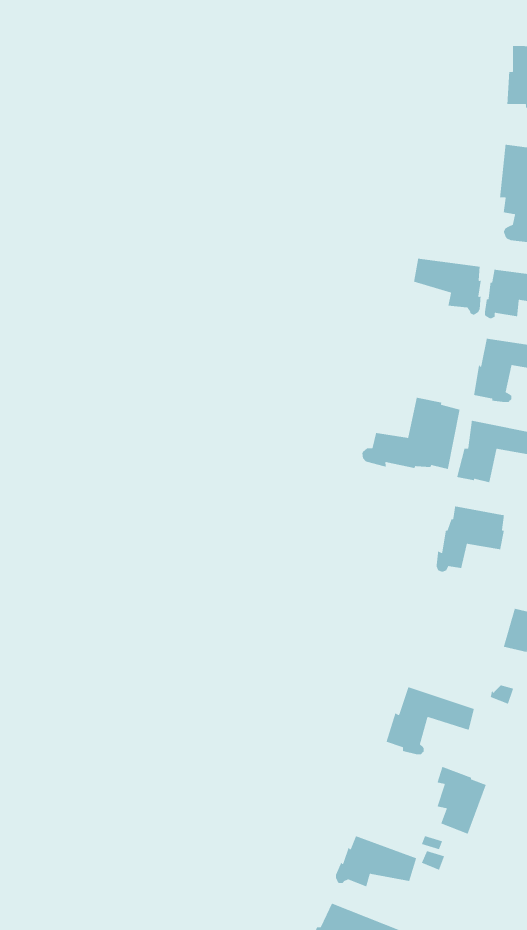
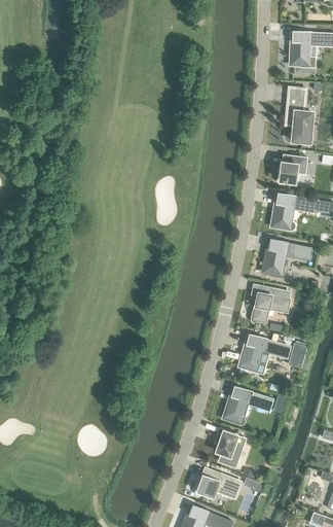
building: [413,258,482,316] -> none
building: [362,397,460,470] -> none
building: none -> [239,335,291,372]
building: [436,766,487,835] -> [217,428,245,466]

